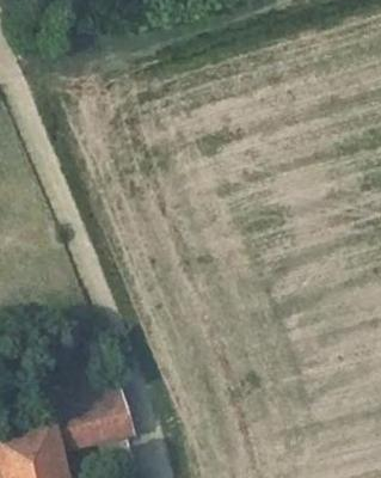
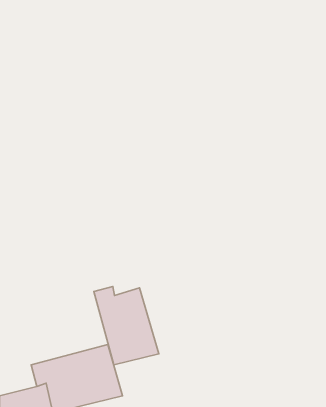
building: none -> [94,286,159,365]

